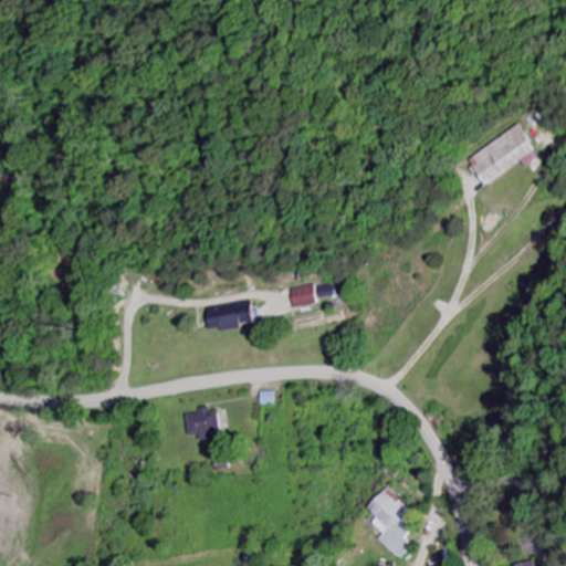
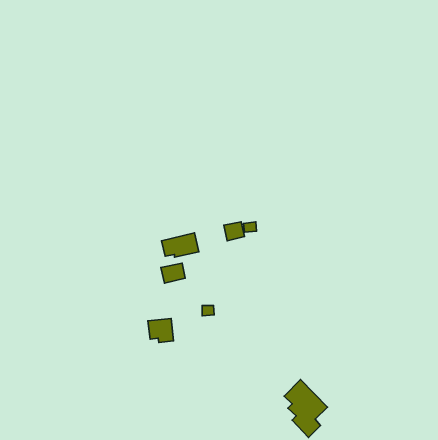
building: [469,125,536,186] -> none
building: none -> [161,263,185,283]

